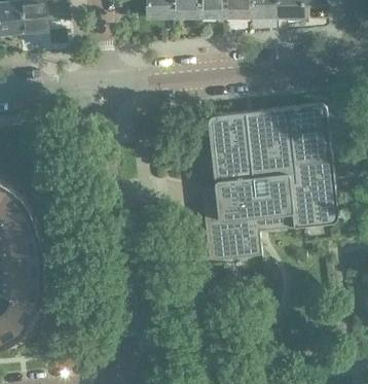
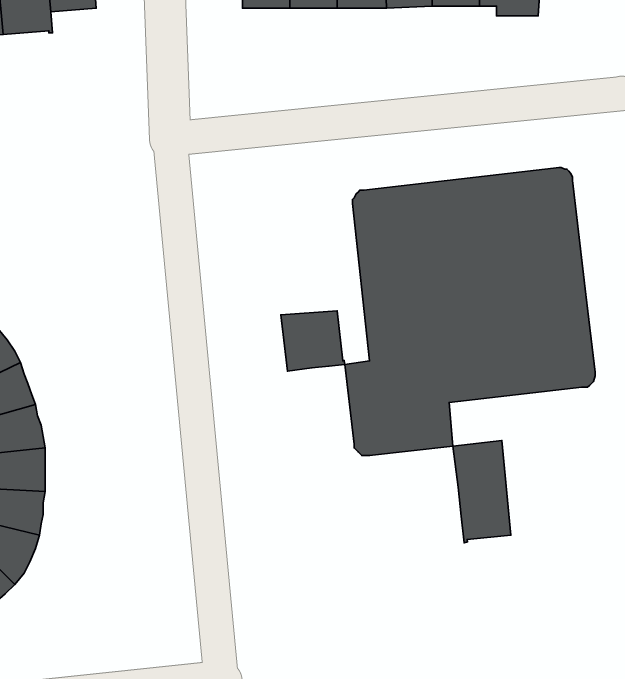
building: none -> [281,311,345,371]
building: none -> [453,440,511,543]

